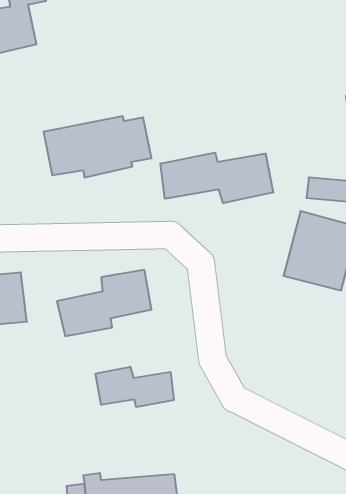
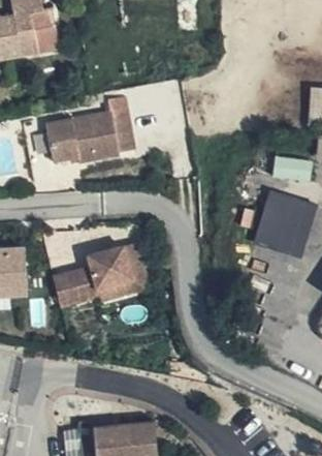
building: [160,153,273,203] -> none
building: [96,367,174,407] -> none

